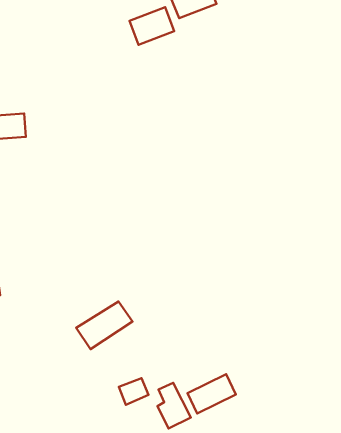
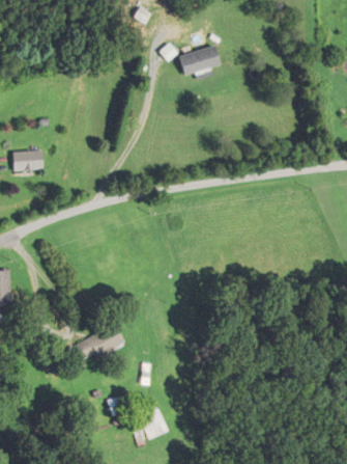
building: [130,7,174,45] -> none
building: [187,374,236,413] -> none

